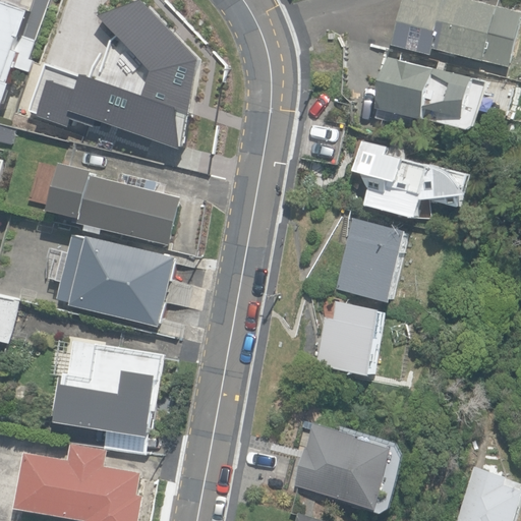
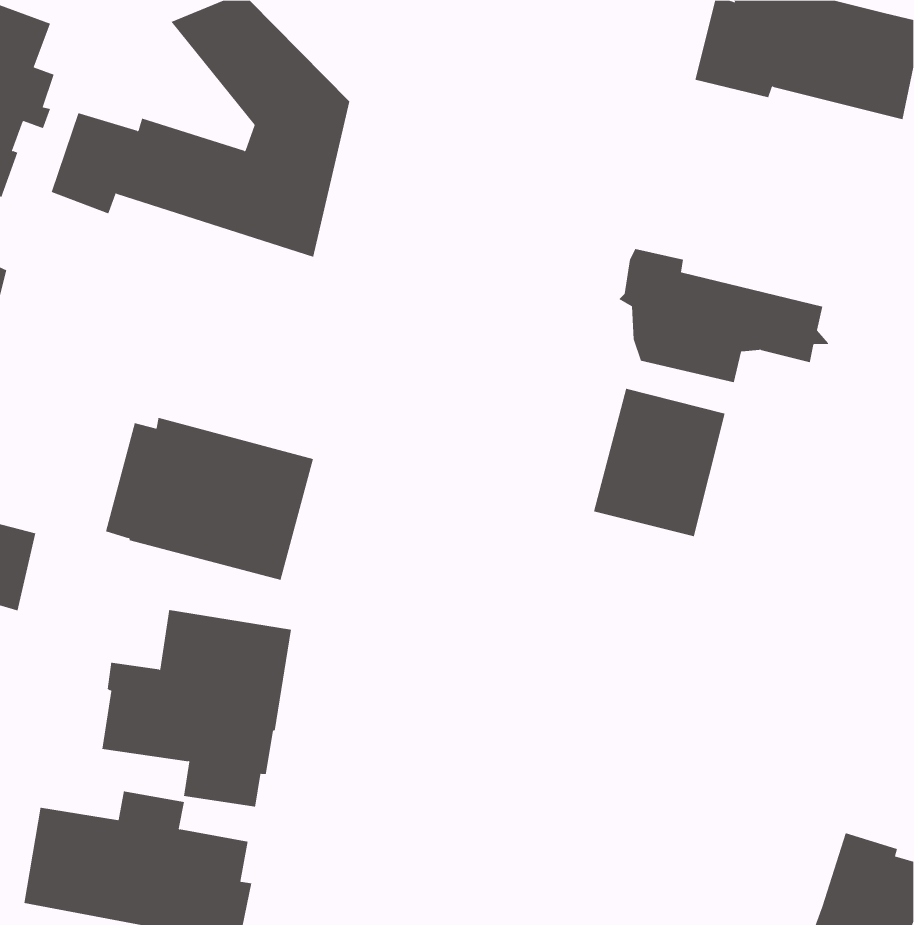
building: [365,50,483,132] -> none
building: [41,160,178,245] -> none
building: [313,301,384,375] -> none
building: [291,423,394,509] -> none

